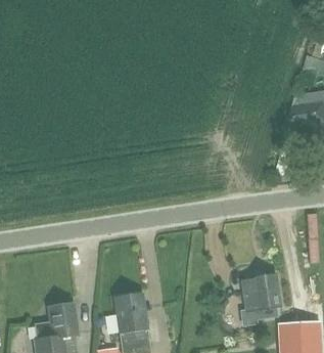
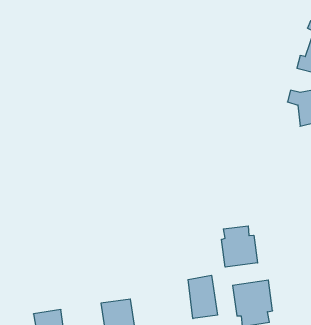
building: none -> [221,226,258,267]
building: none -> [188,275,217,319]

